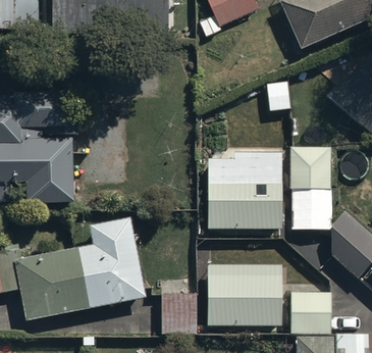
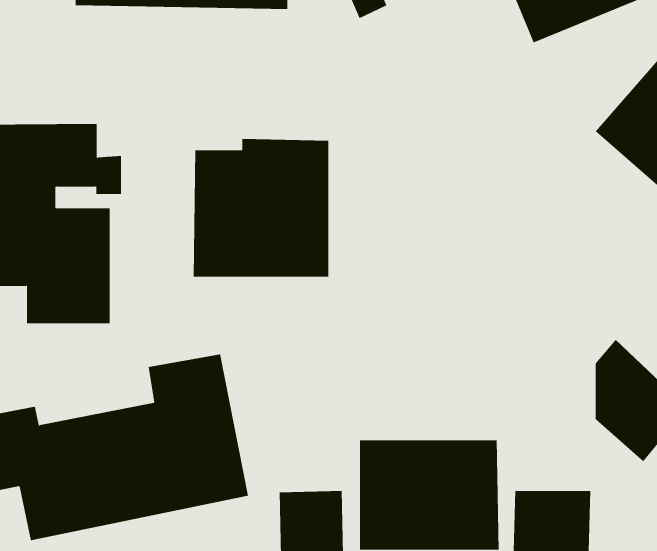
building: [289,145,333,230] -> none
building: [207,151,281,226] -> [193,139,329,277]

